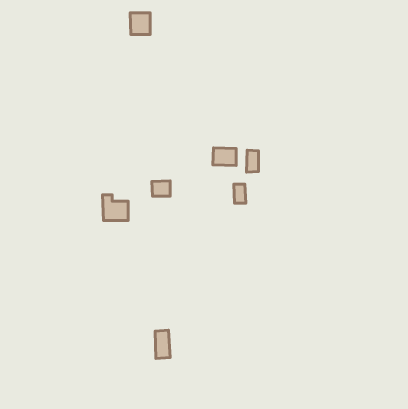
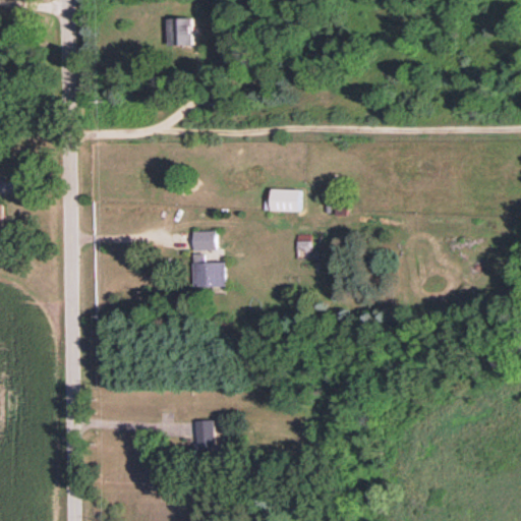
building: [246,150,258,172] -> none
building: [103,195,128,221] -> [192,254,225,287]

